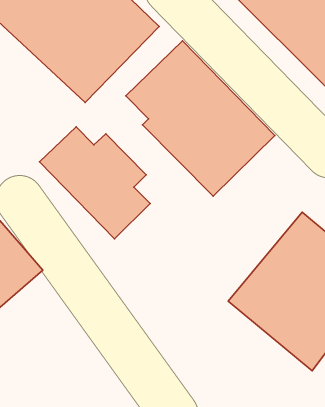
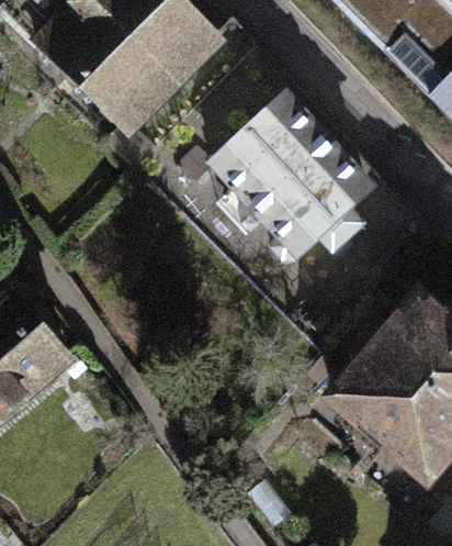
building: [40,127,150,239] -> none

